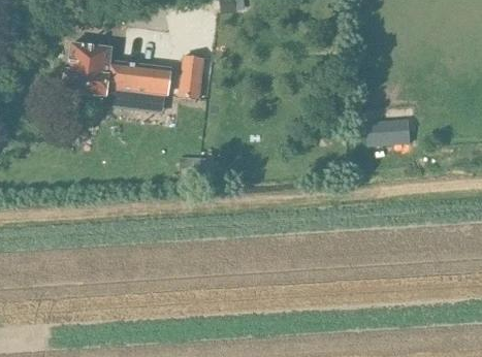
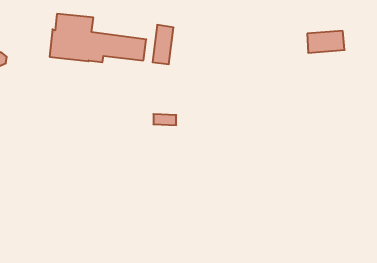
building: [367,120,410,144] -> [307,31,345,53]

